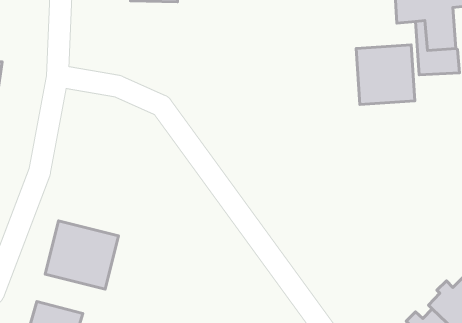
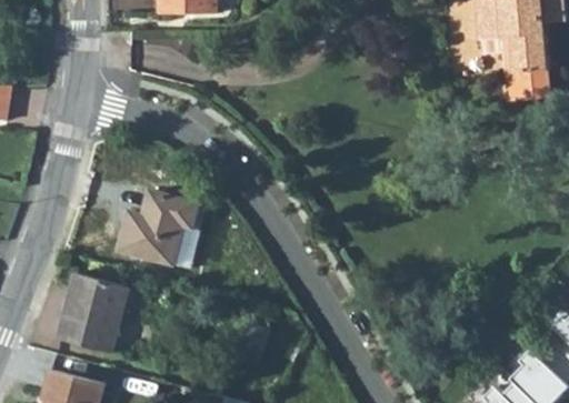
building: [356,45,415,104] -> none
building: none -> [119,188,201,269]

